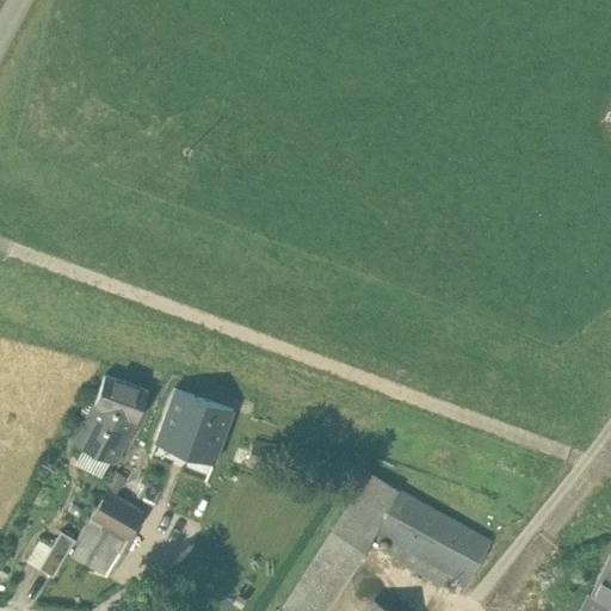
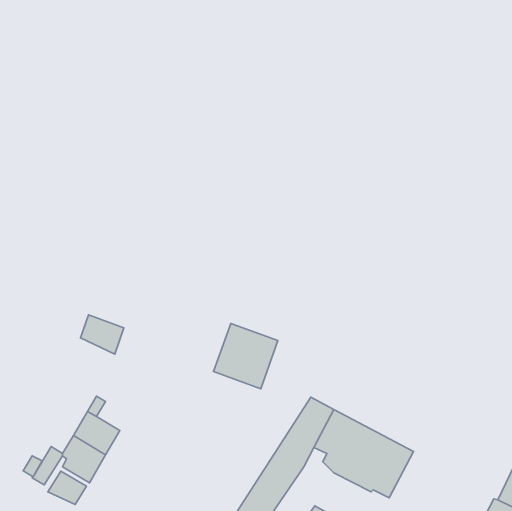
building: [156,391,233,469] -> [214,323,278,389]
building: [76,405,138,465] -> none
building: none -> [48,471,86,505]

